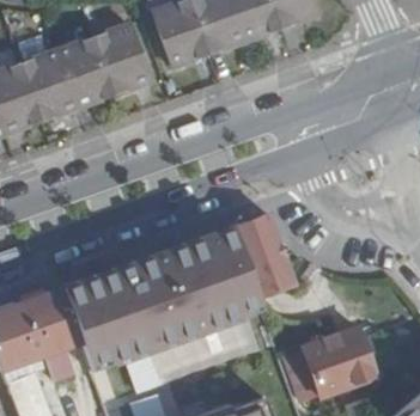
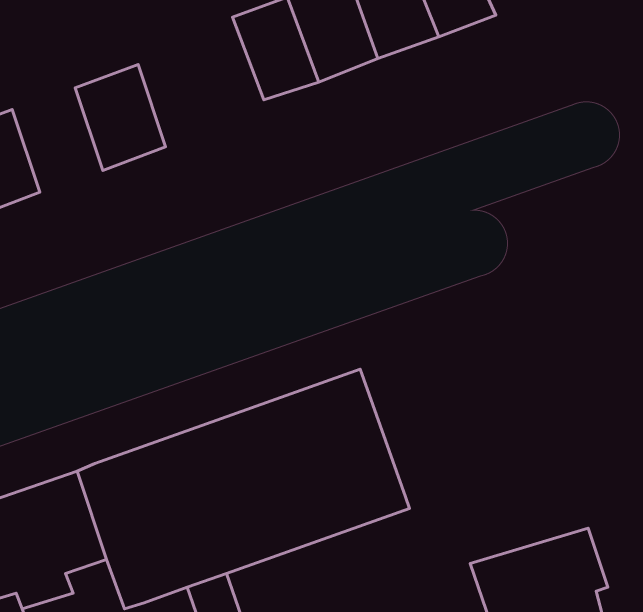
building: [98,30,148,91] -> none
building: [22,55,77,118] -> none
building: [233,213,299,304] -> none

